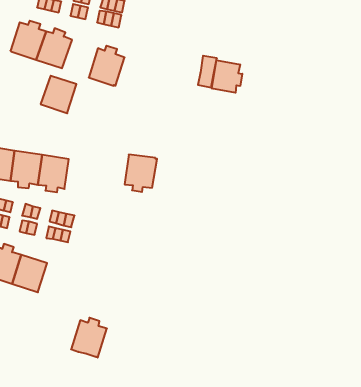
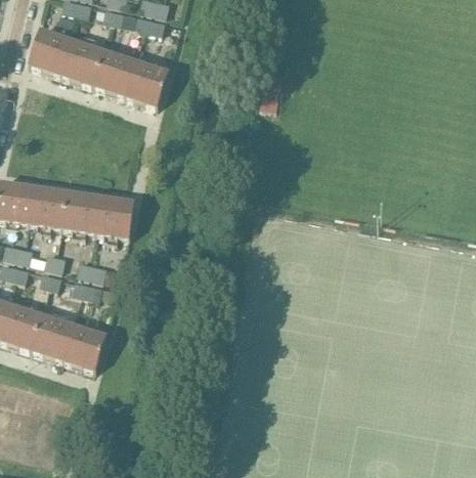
building: [212,60,242,93] -> none
building: [41,76,76,113] -> [92,50,136,96]
building: [125,155,157,192] -> [95,197,135,243]
building: [71,318,107,358] -> [62,321,106,371]

